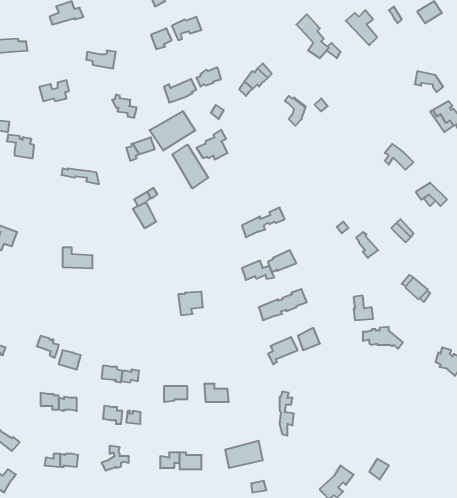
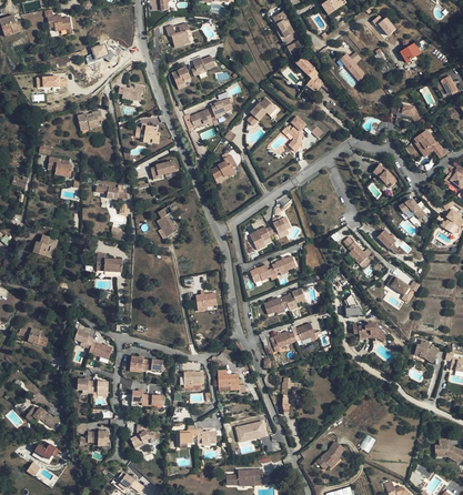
building: [149,111,195,151] -> none
building: [172,145,208,188] -> none

